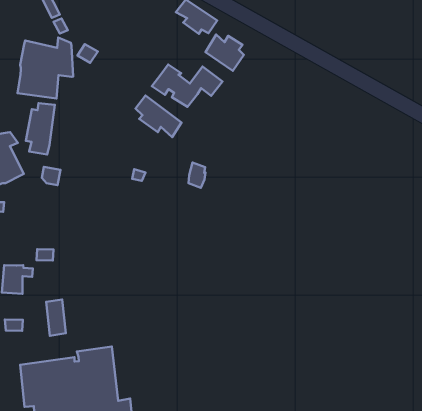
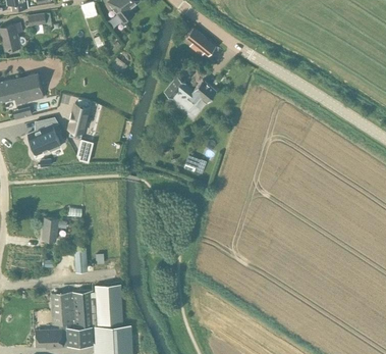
building: [205,35,244,71] -> none
building: [17,38,73,99] -> none
building: [136,96,181,137] -> none

